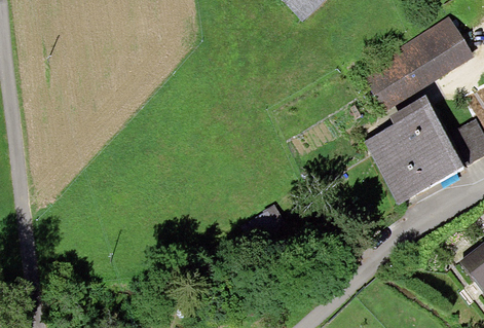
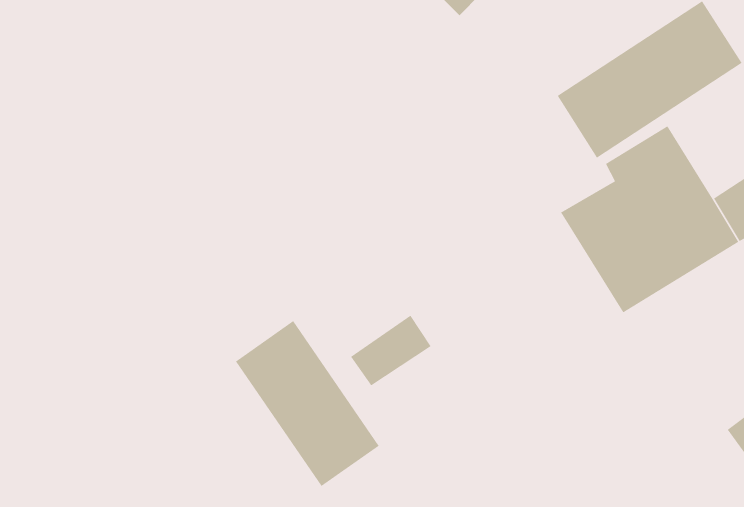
building: none -> [235,320,380,487]

